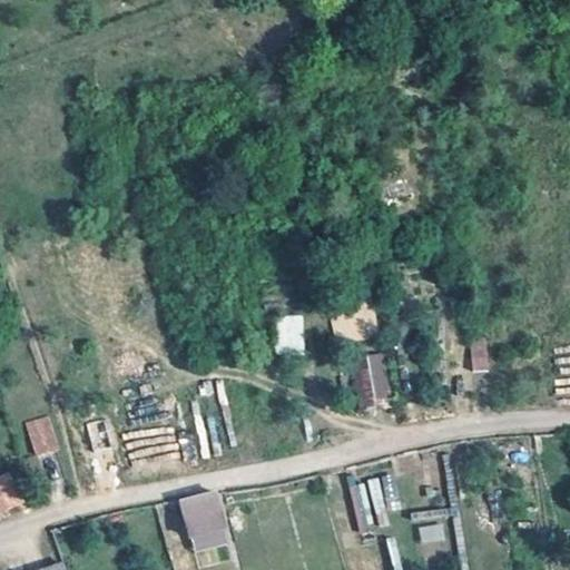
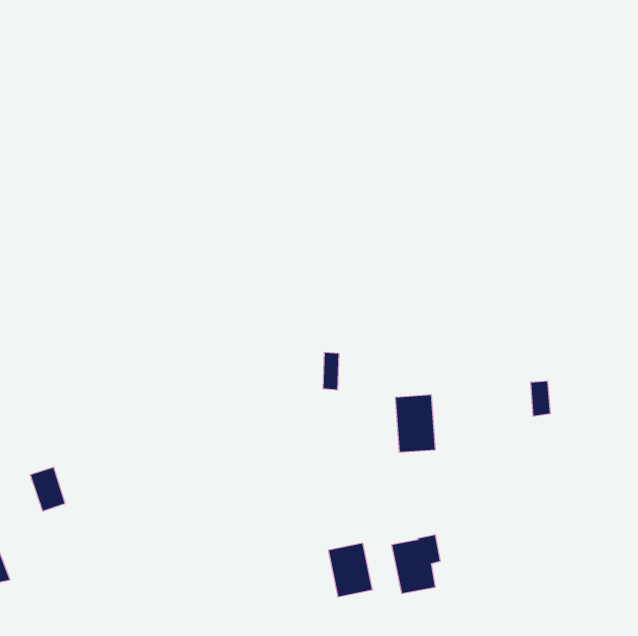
building: none -> [328,543,372,597]
building: [183,501,227,540] -> none

